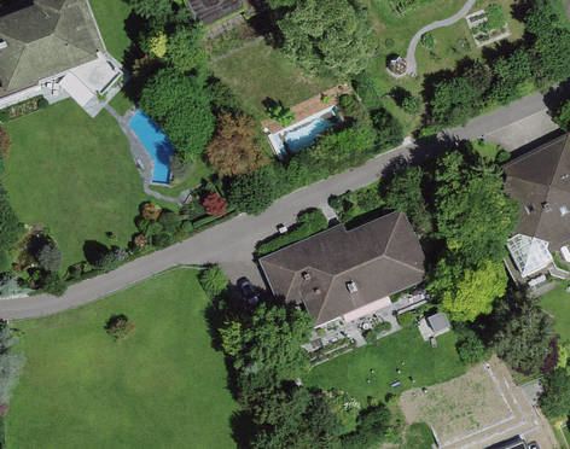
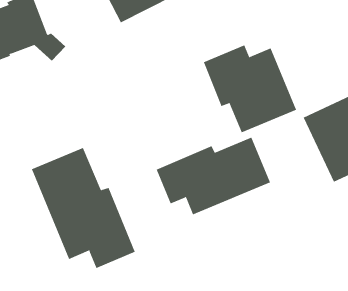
building: none -> [203,44,297,133]
building: none -> [31,147,136,269]

